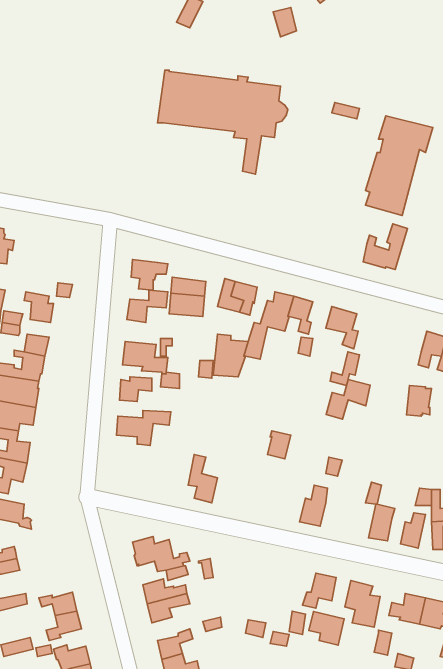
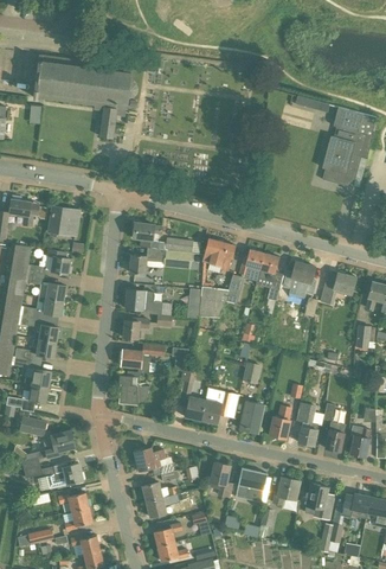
building: [157,70,288,174] -> [32,55,137,139]
building: [363,224,407,269] -> none
building: none -> [50,205,76,236]
building: [326,379,370,419] -> [320,273,355,305]
building: none -> [118,371,149,404]
building: none -> [198,390,232,423]
building: none -> [239,401,263,433]
building: none -> [296,402,317,445]
building: none -> [43,430,75,458]
building: none -> [208,462,232,498]
building: none -> [47,463,83,488]
building: [309,611,344,645] -> [238,468,266,496]

